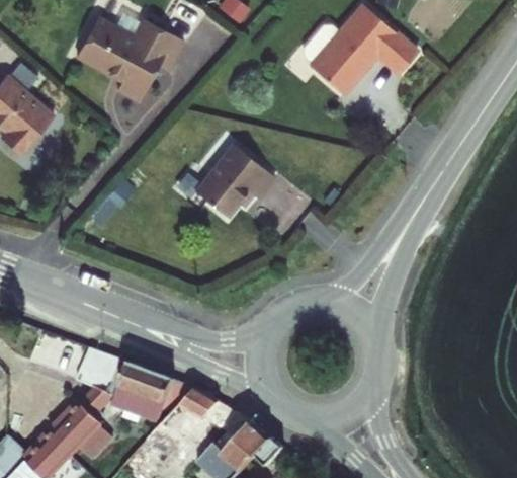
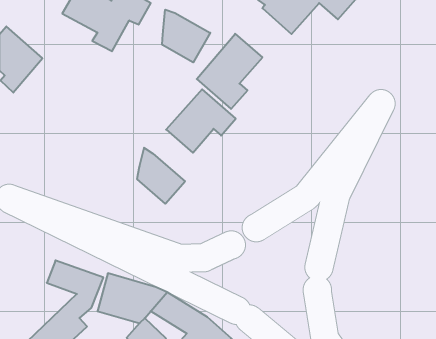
building: none -> [162,10,210,62]
building: none -> [197,34,262,109]
building: none -> [137,148,185,204]

